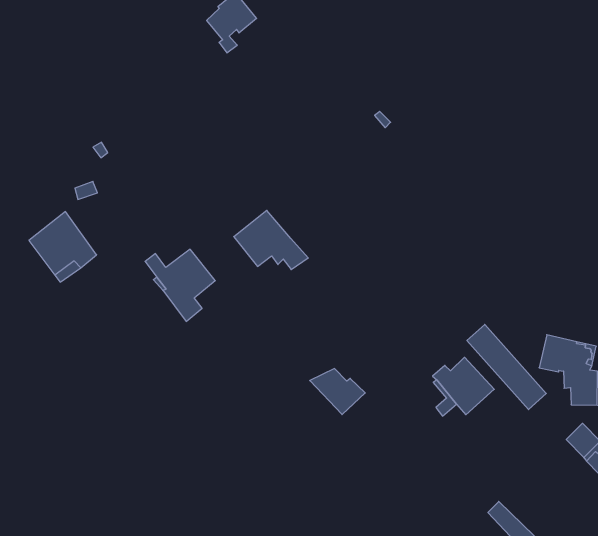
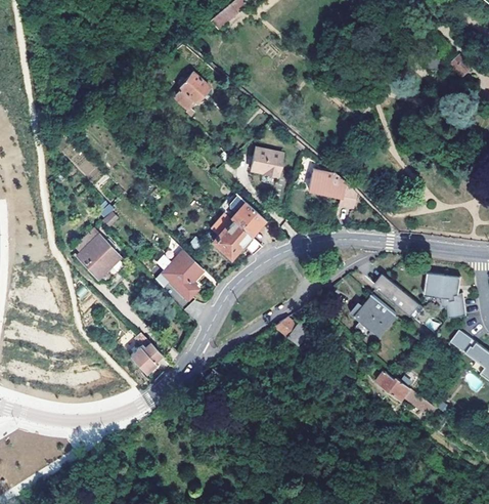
building: none -> [249,145,281,178]
building: none -> [308,171,355,211]
building: none -> [220,194,265,235]
building: none -> [131,344,163,373]
building: none -> [376,371,411,402]

